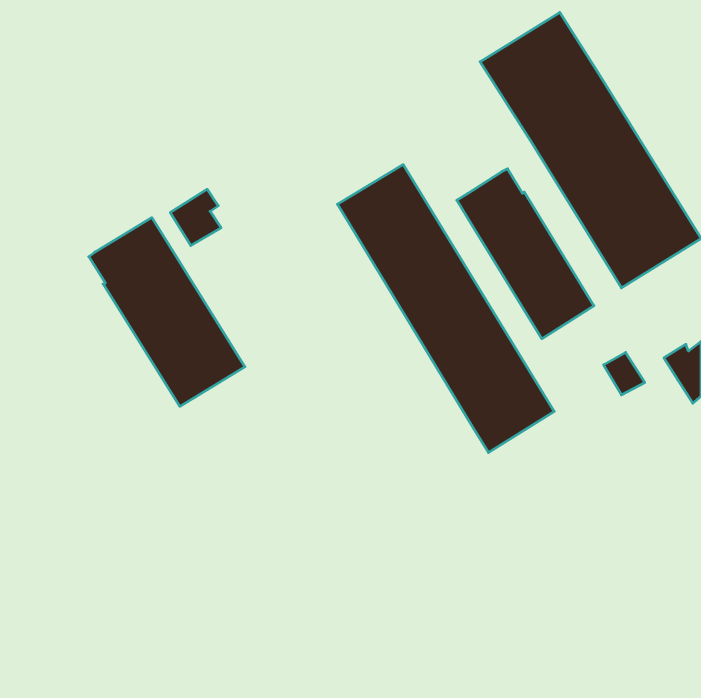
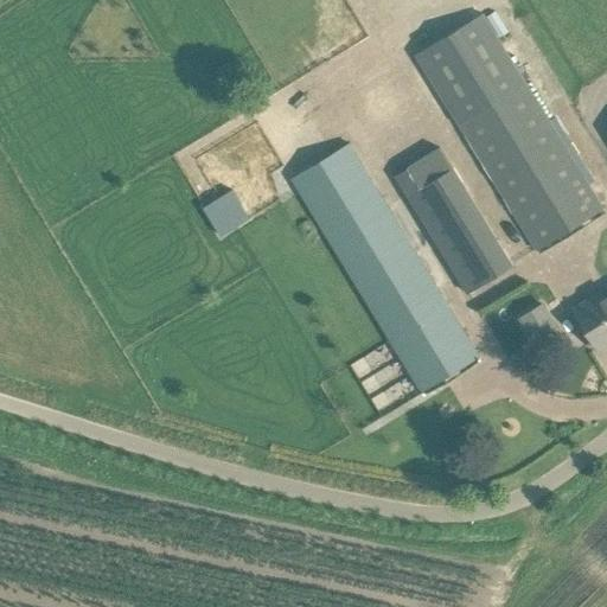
building: [170,189,221,246] -> [204,186,248,235]
building: [89,218,245,406] -> none

